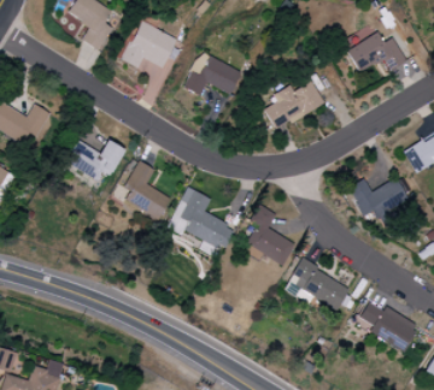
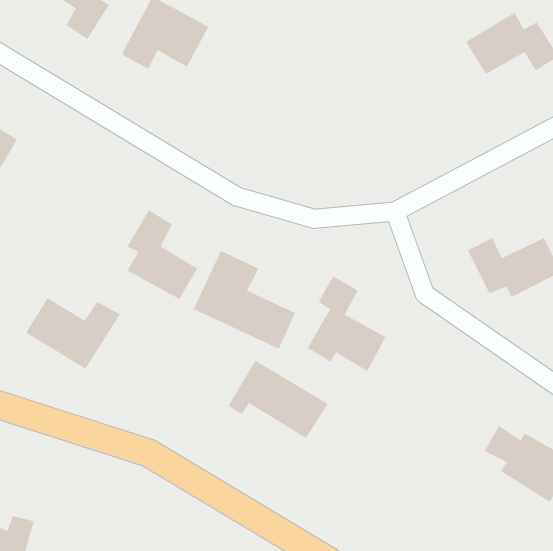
building: [184,55,242,96] -> none
building: [265,79,328,129] -> none
building: [63,138,125,185] -> [25,298,121,370]
building: [283,259,350,311] -> [227,360,329,439]

